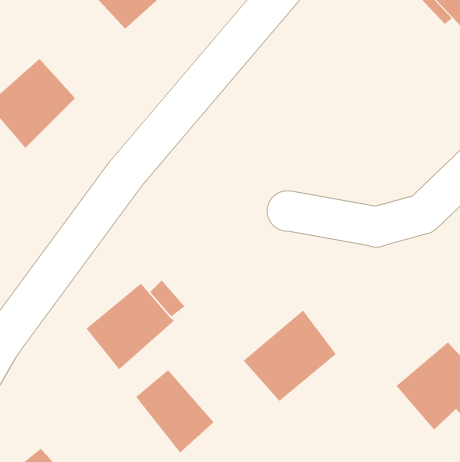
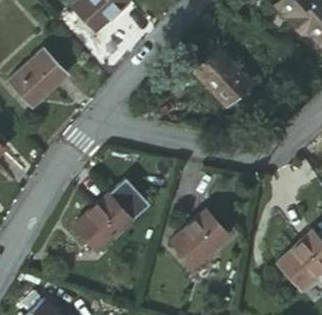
building: none -> [194,48,250,105]
building: [135,369,215,454] -> none

